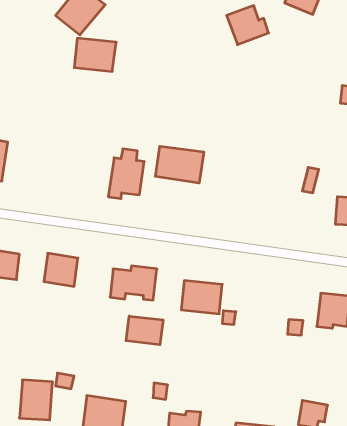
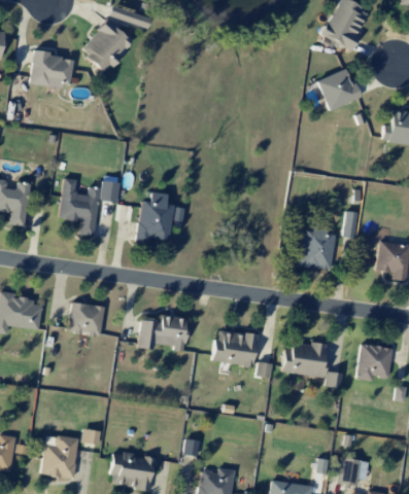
building: [227,6,269,45] -> [316,69,361,110]
building: [74,38,116,71] -> [30,52,74,87]
building: none -> [59,177,120,236]
building: [155,146,204,183] -> none
building: none -> [299,225,336,269]
building: none -> [281,342,326,377]
building: [126,316,163,345] -> none

